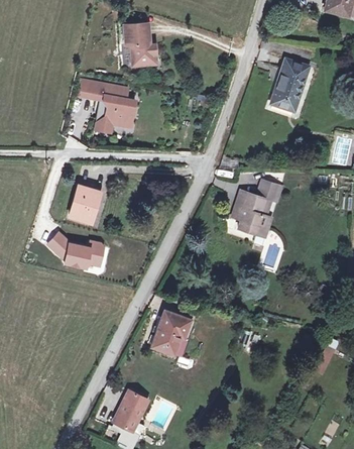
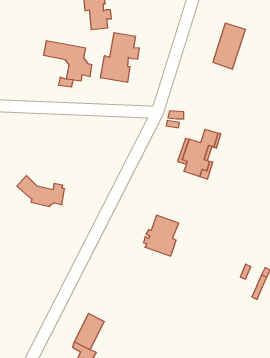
building: none -> [100,32,139,82]
building: [70,186,99,221] -> none
building: [149,310,190,356] -> [143,215,179,256]

